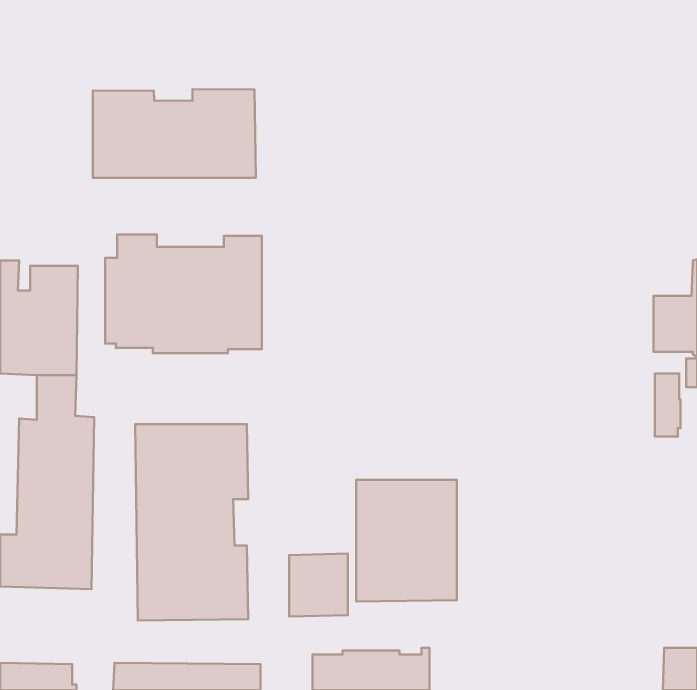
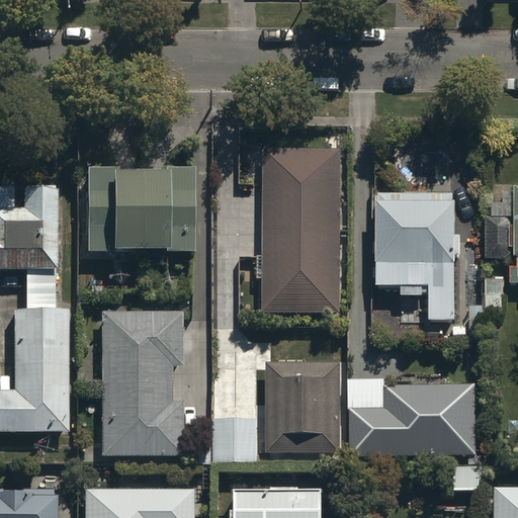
building: [93,89,256,178] -> none
building: none -> [264,154,341,318]
building: none -> [376,193,480,337]
building: none -> [345,370,480,455]

